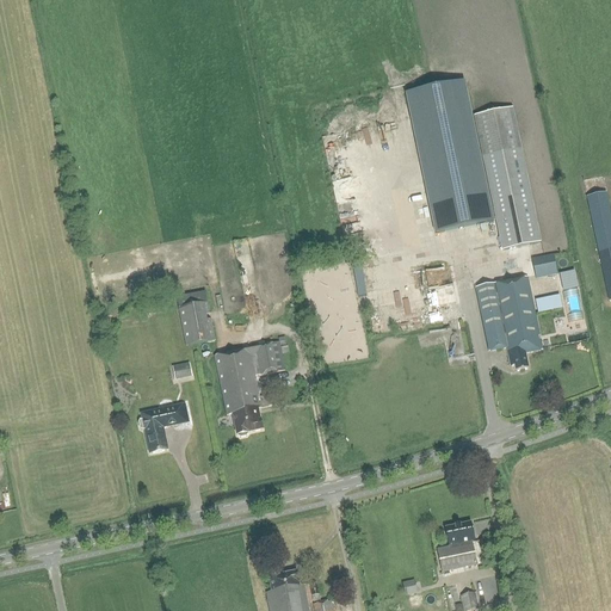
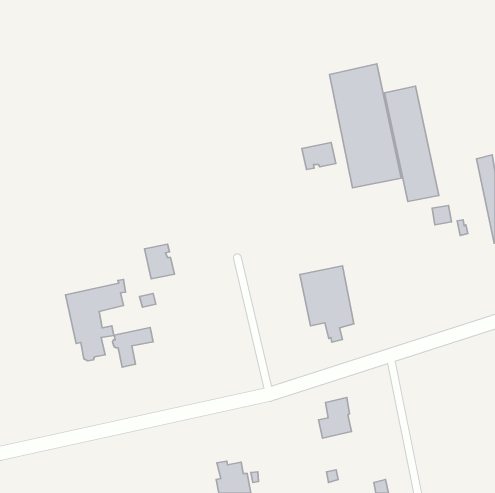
building: none -> [302,143,336,170]
building: [476,276,543,370] -> [300,266,354,342]
building: [214,335,288,436] -> [65,279,125,361]
building: [437,520,477,570] -> [319,397,352,438]

